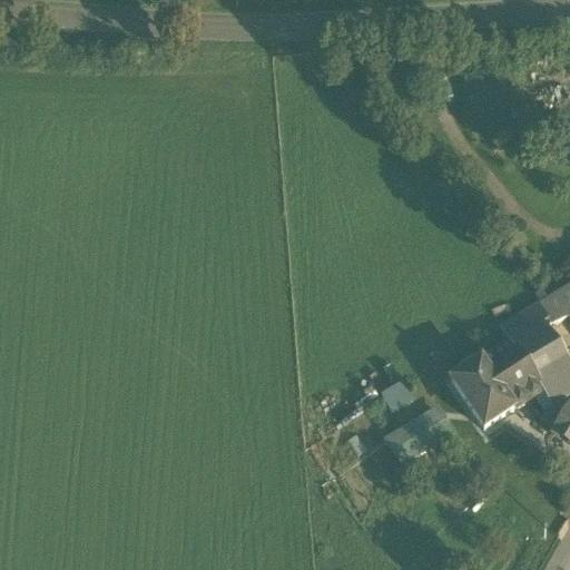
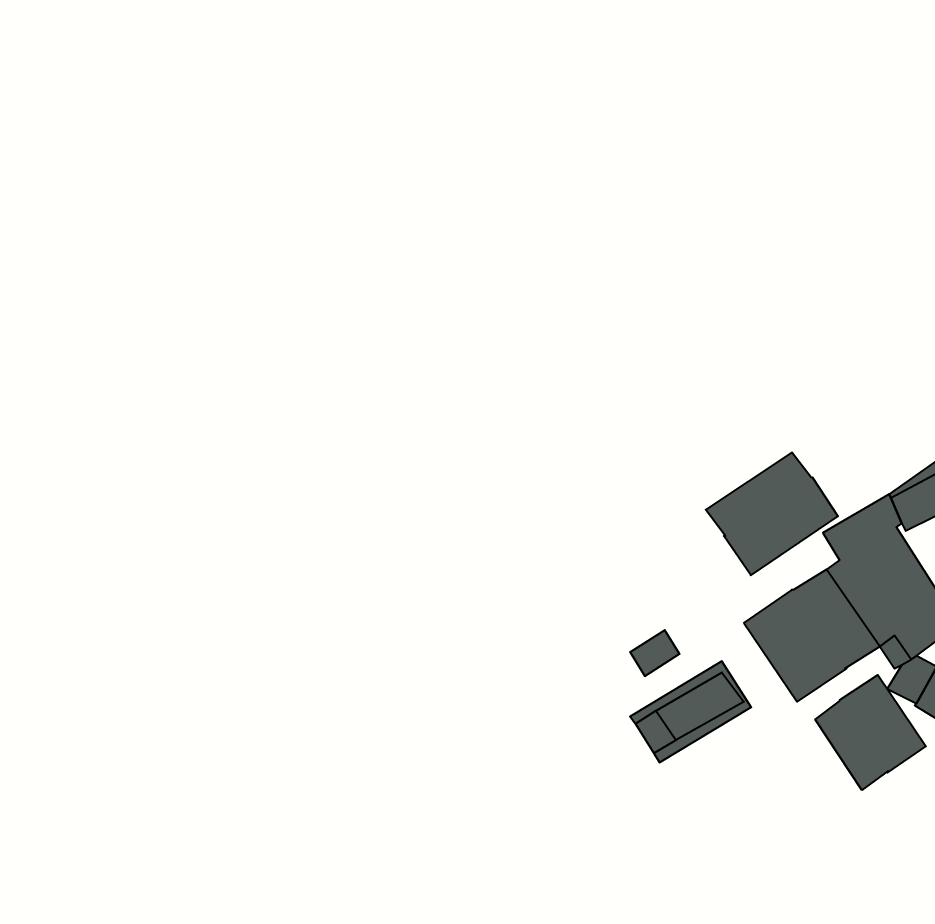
building: none -> [706,452,838,575]
building: none -> [815,675,926,790]

